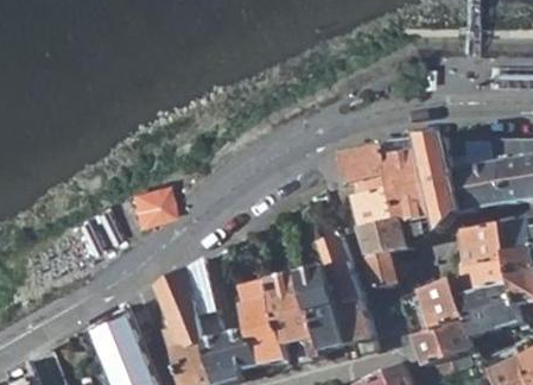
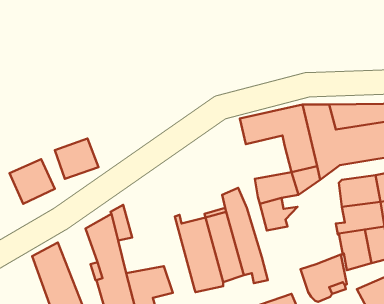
building: [351,188,402,228] -> none
building: [399,279,464,330] -> none
building: [236,285,286,365] -> none

